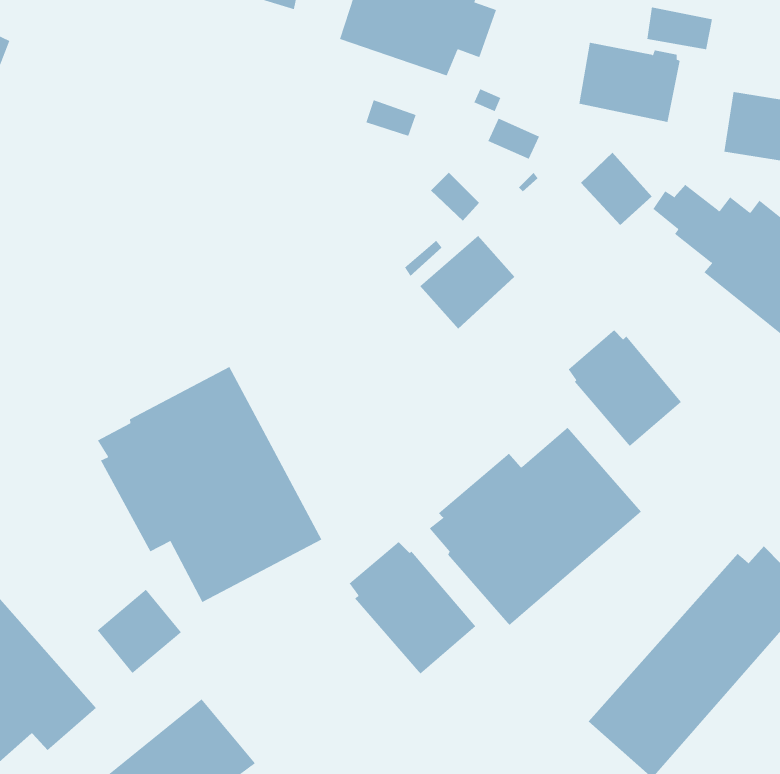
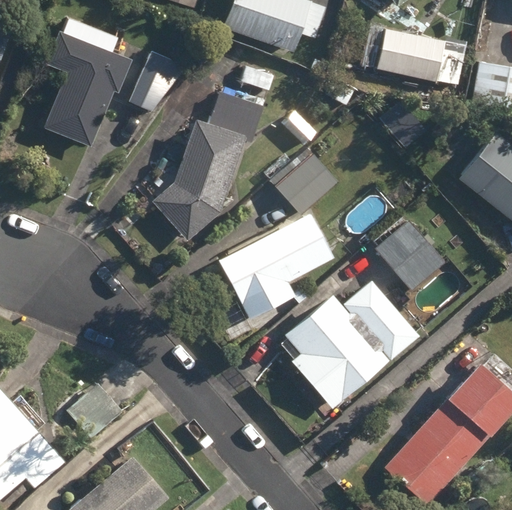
building: none -> [43,33,187,148]
building: none -> [152,93,263,242]
building: none -> [220,213,333,304]
building: [97,366,322,603] -> none
building: [349,541,476,674] -> none

